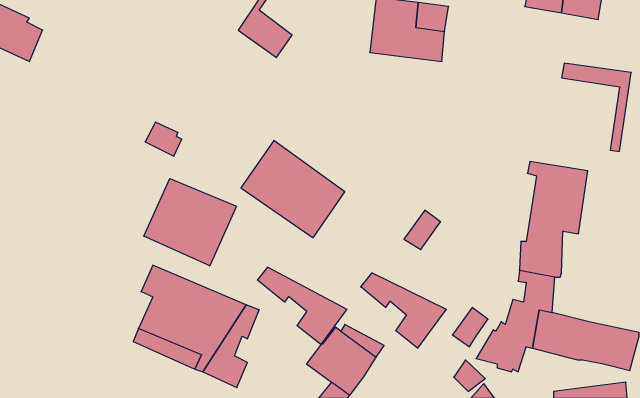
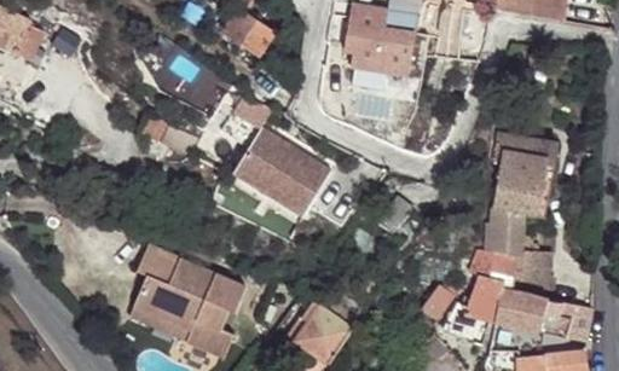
building: [562,63,631,151] -> [493,138,557,219]
building: [144,179,236,266] -> none
building: [257,267,347,345] -> none
building: [361,273,446,348] -> none
building: none -> [514,254,550,298]

